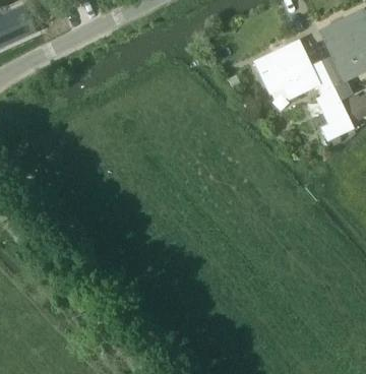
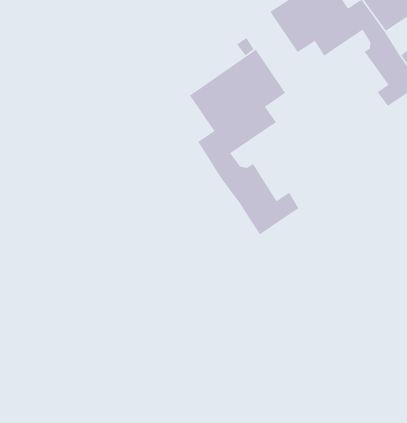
building: none -> [189,49,299,235]

